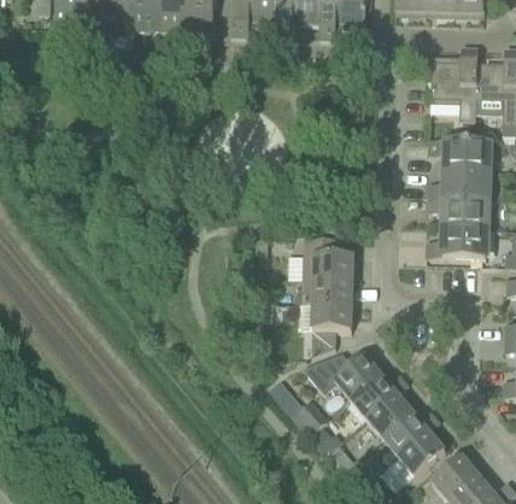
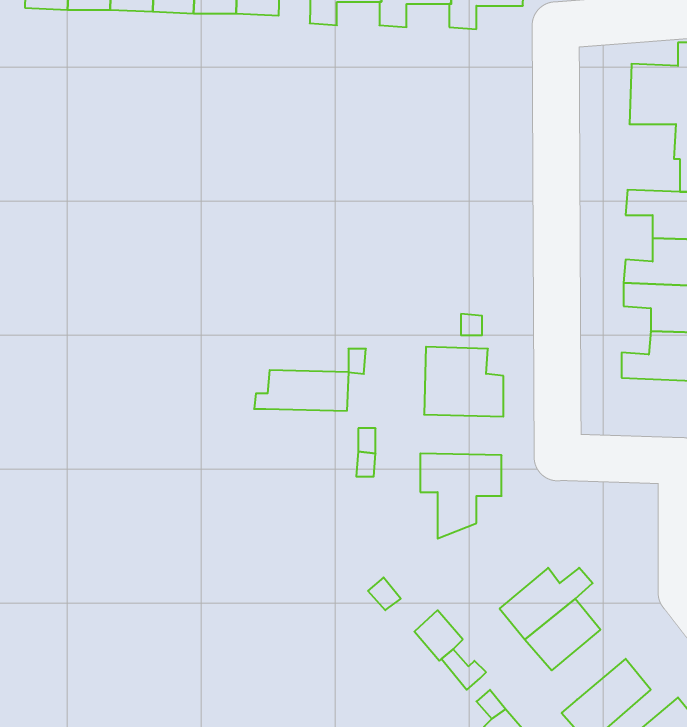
building: [294,279,353,304] -> [254,370,349,411]
building: [303,352,381,399] -> none
building: [383,411,440,456] -> none

